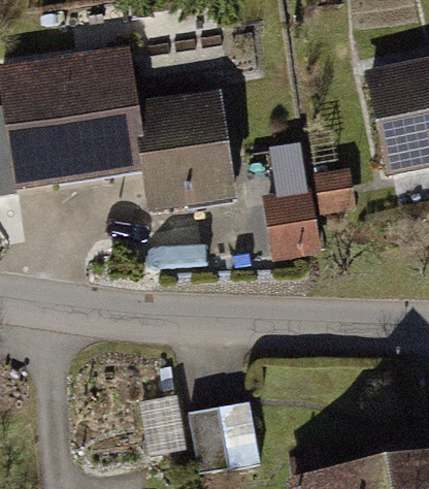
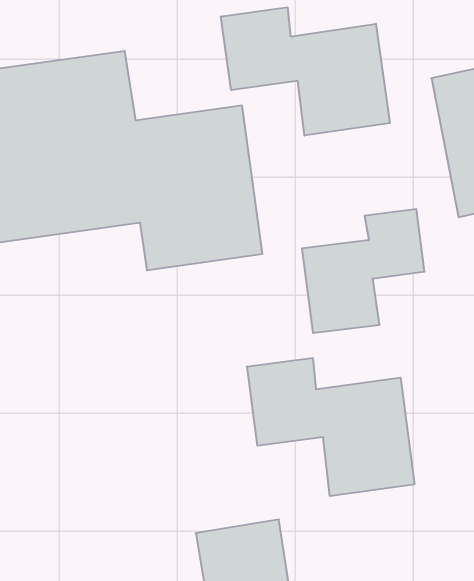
building: none -> [221,7,390,136]
building: none -> [247,358,414,496]

